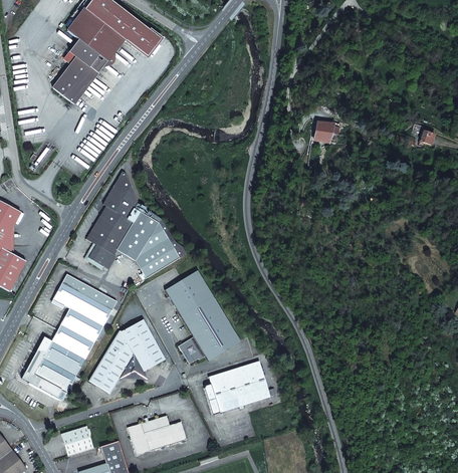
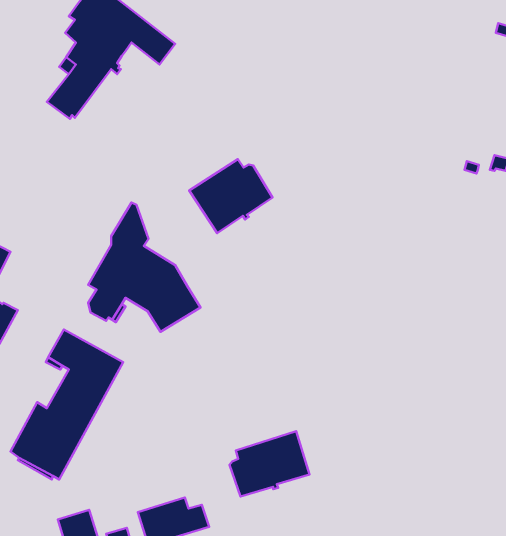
building: [314,122,336,144] -> none
building: none -> [189,159,273,233]
building: [166,270,240,362] -> none
building: [89,319,165,394] -> none

